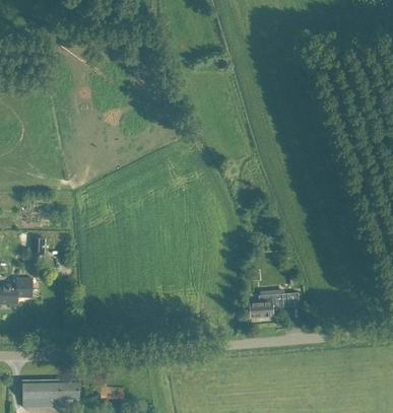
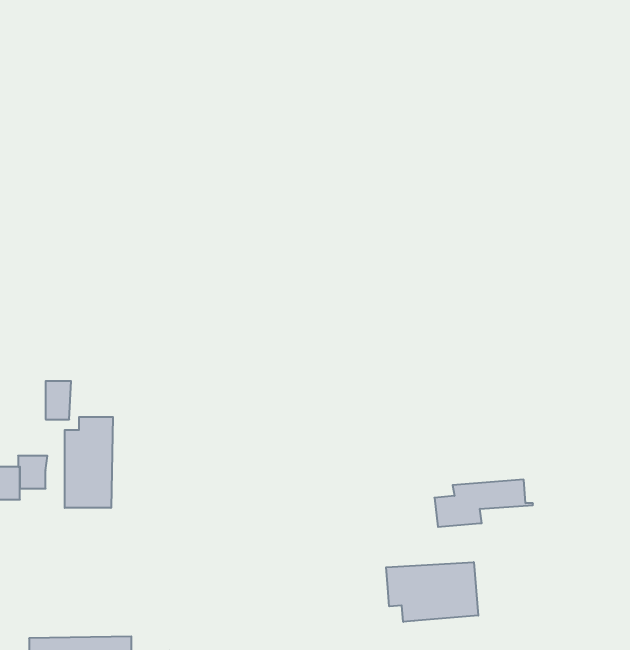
building: none -> [65,417,113,508]
building: none -> [386,562,478,622]

